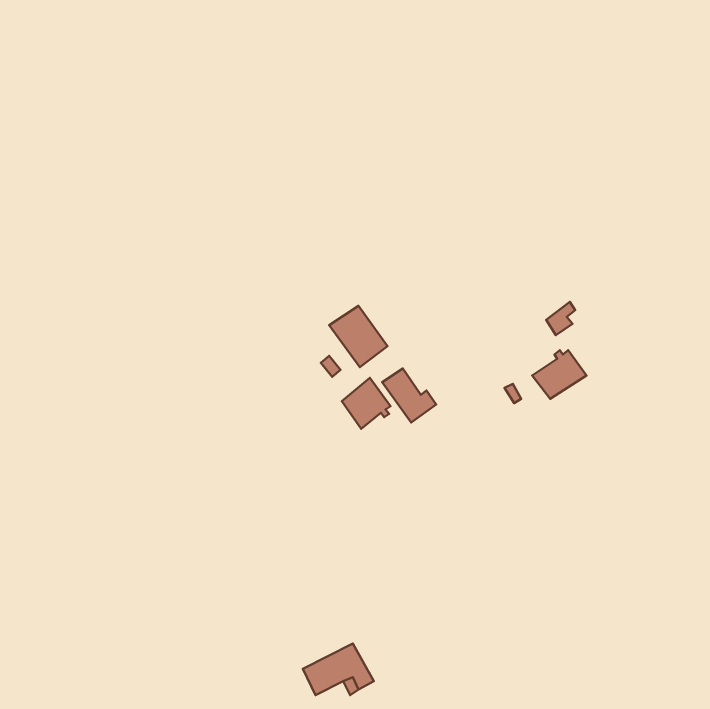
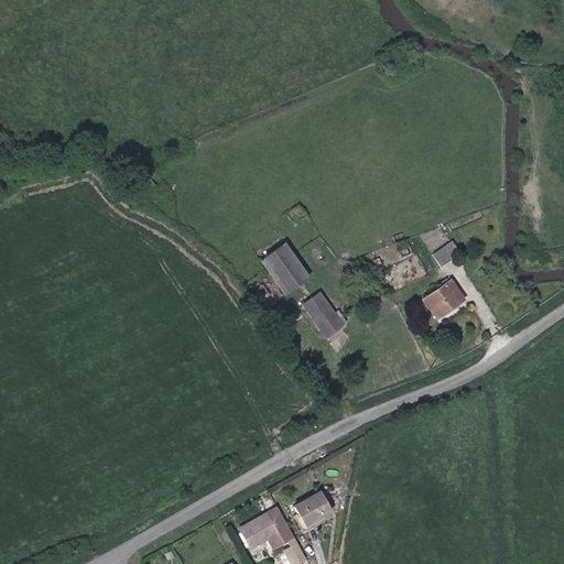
building: [342,378,390,429] -> none
building: none -> [294,495,334,532]

